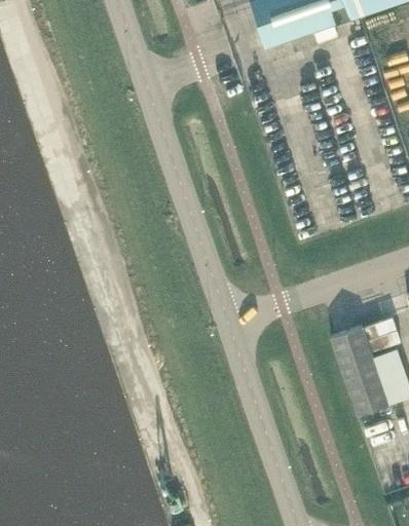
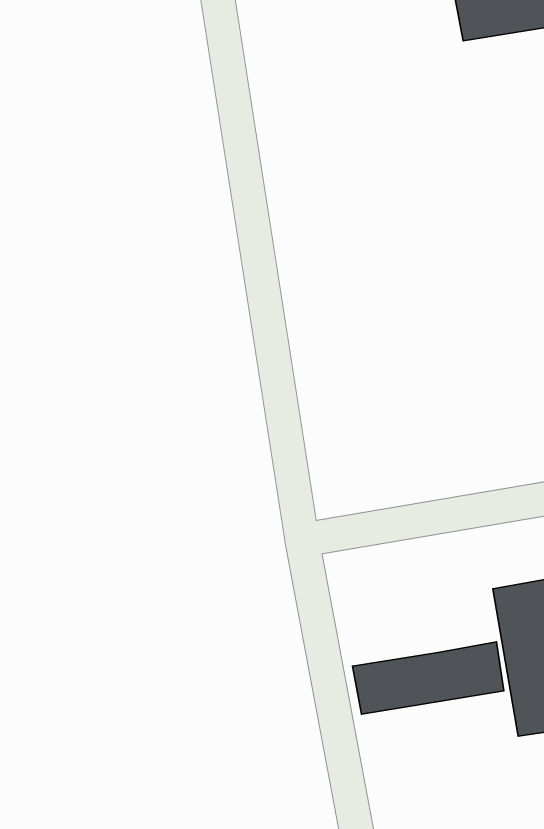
building: none -> [352,642,504,714]

